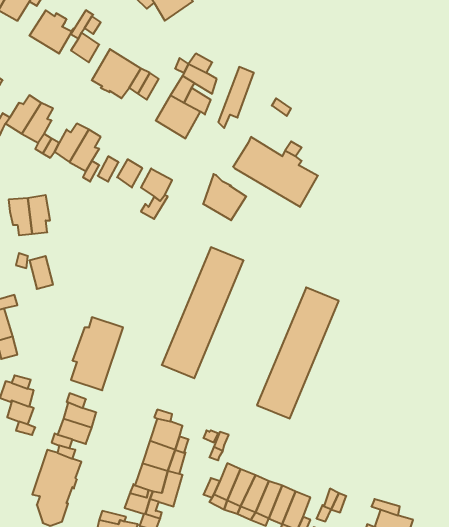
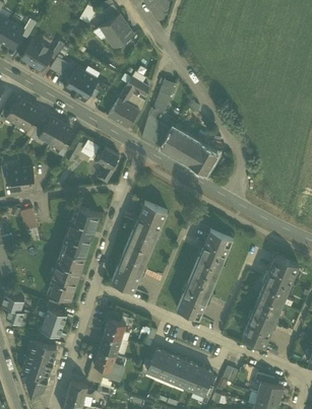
building: [203,174,246,220] -> [141,115,171,146]
building: none -> [64,206,100,256]
building: none -> [243,256,299,345]

